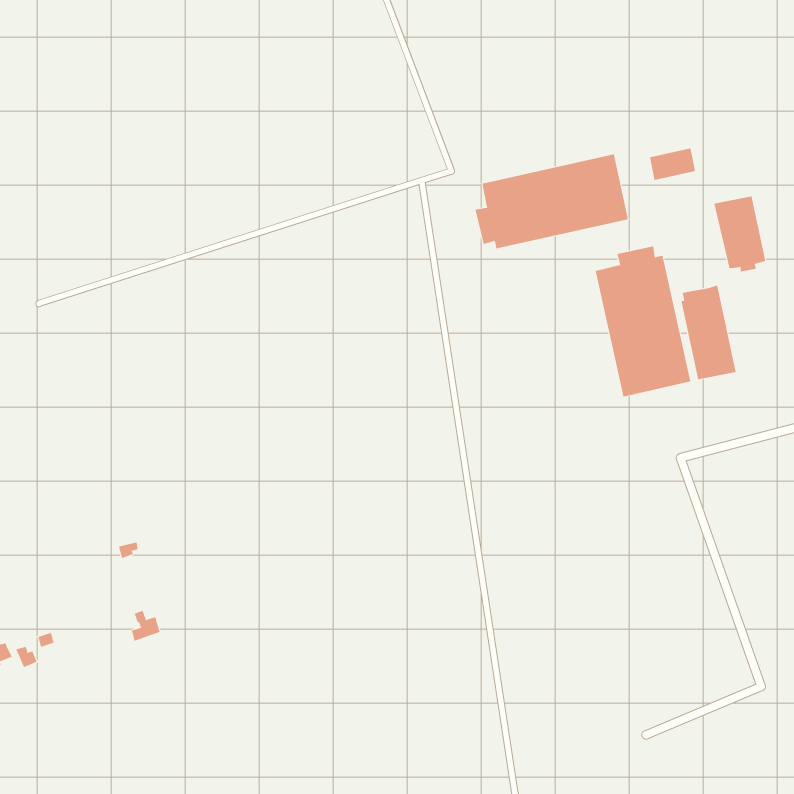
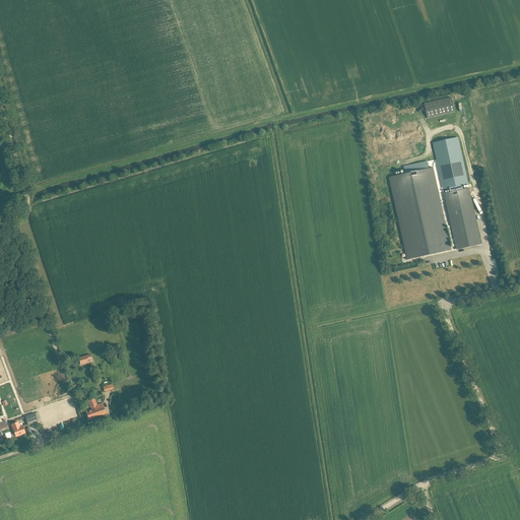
building: [475,154,629,249] -> none
building: [713,196,766,272] -> [433,140,467,190]

